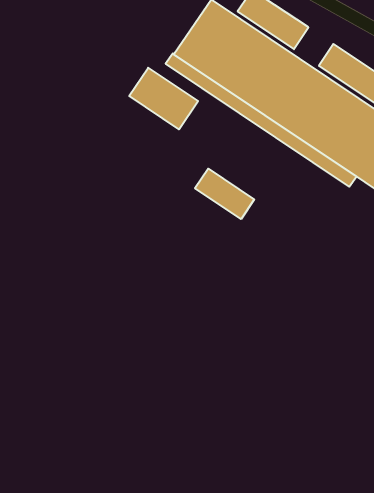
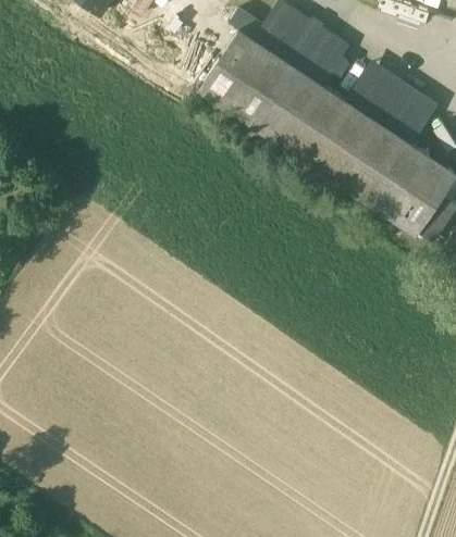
building: [129,68,198,129] -> none
building: [195,169,254,219] -> none

